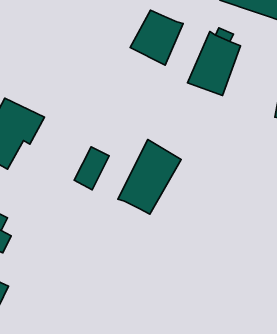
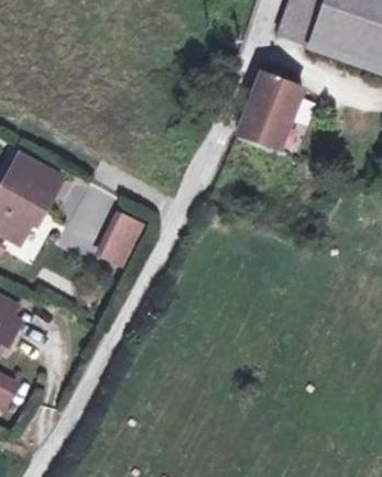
building: [130,10,183,65] -> none
building: [118,139,181,214] -> none

